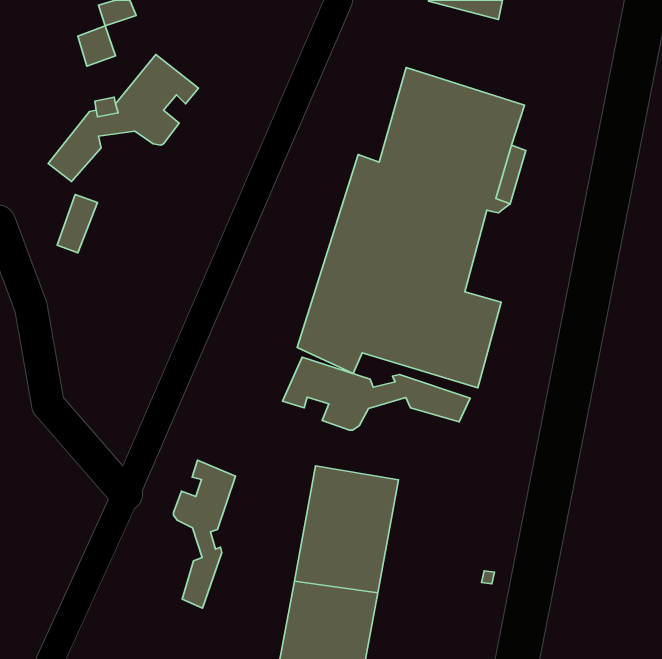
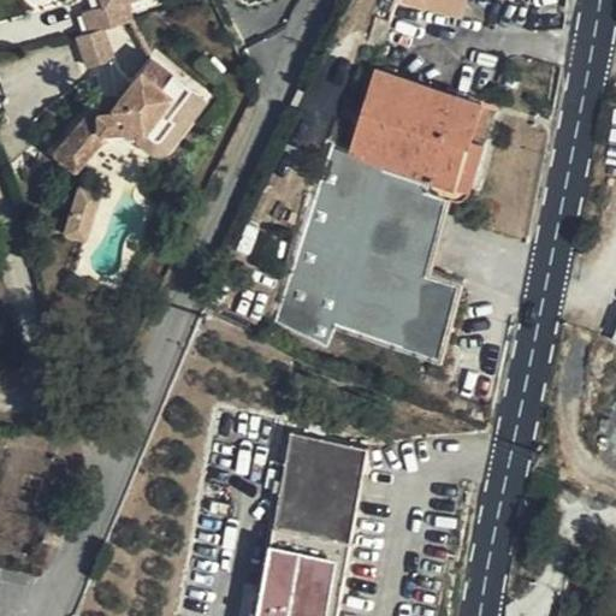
building: none -> [91,85,197,149]
building: [282,357,470,430] -> none
building: [173,460,236,608] -> none

